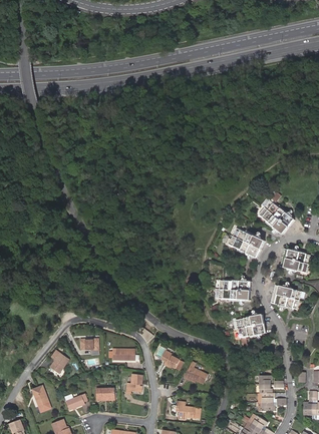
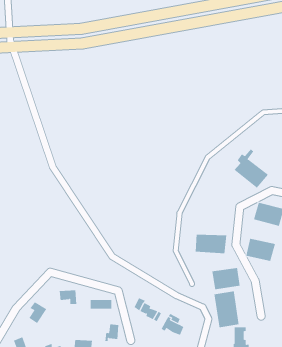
building: [229,228,265,258] -> none
building: none -> [214,290,239,328]

